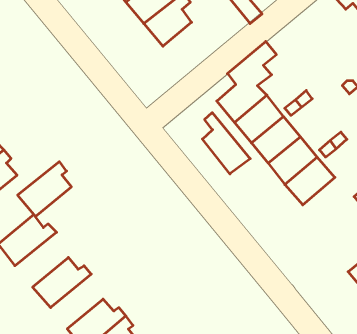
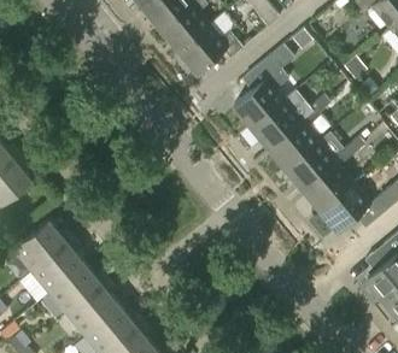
building: none -> [178,27,241,73]
building: [202,113,250,174] -> none
building: [18,162,71,216] -> [29,239,83,294]
building: none -> [320,183,369,233]
building: none -> [65,281,118,336]

